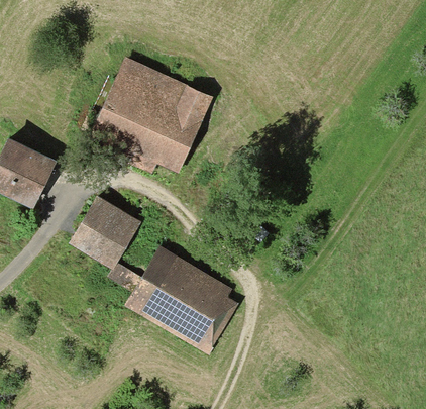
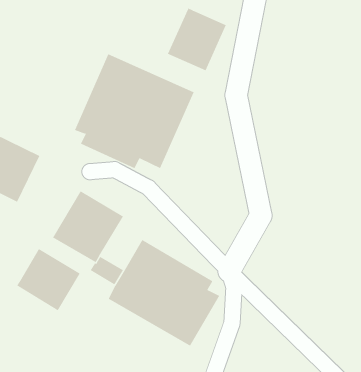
building: none -> [167,8,227,71]
building: none -> [16,248,81,311]

